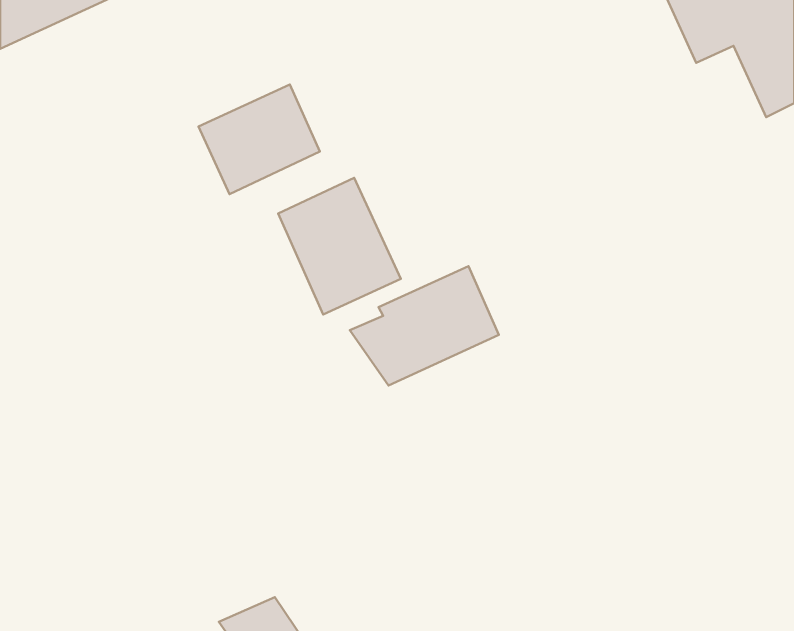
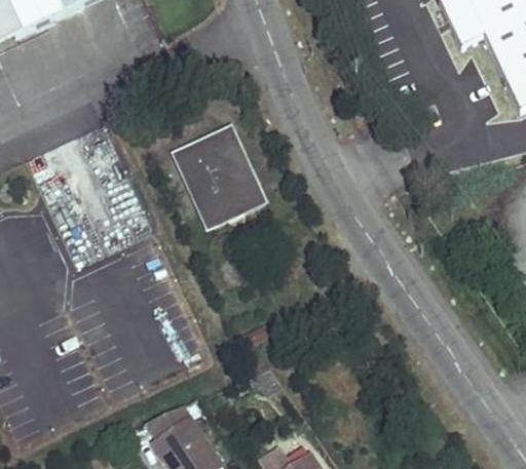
building: [198,85,320,194] -> none
building: [350,266,499,386] -> none

